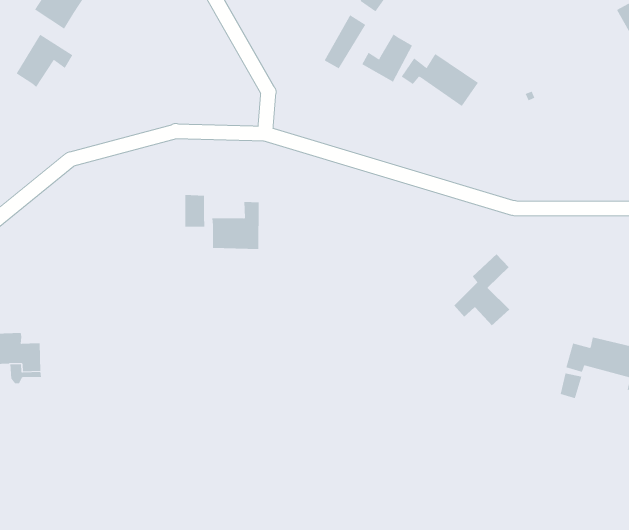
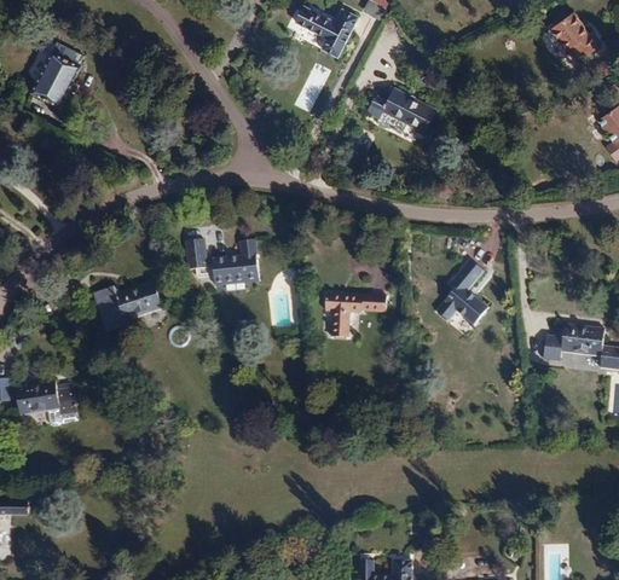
building: [362,33,413,82] -> none
building: [16,34,73,88] -> none
building: none -> [92,282,161,332]
building: none -> [325,294,386,337]

